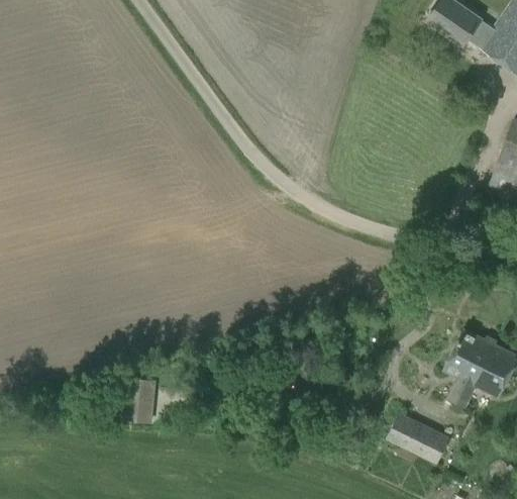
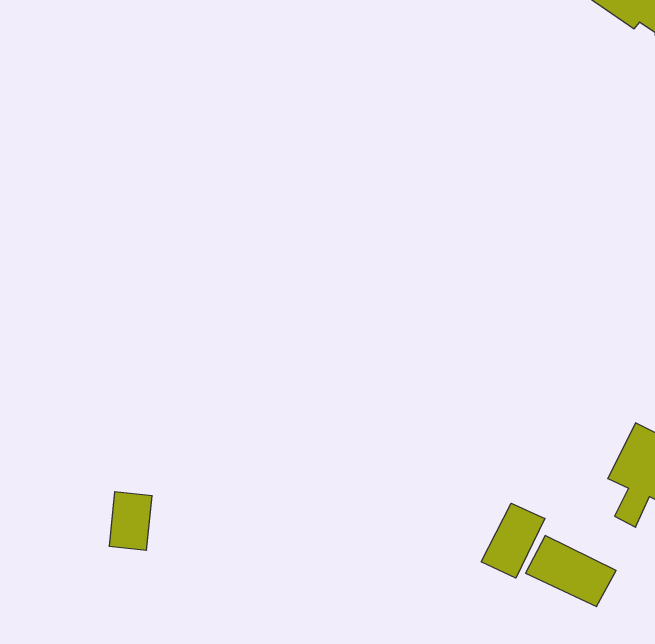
building: [126,381,158,423] -> [109,492,152,550]
building: none -> [481,503,545,578]

